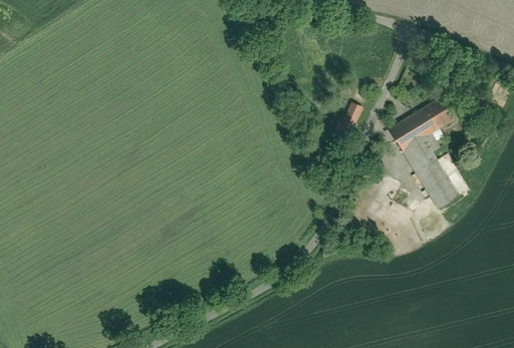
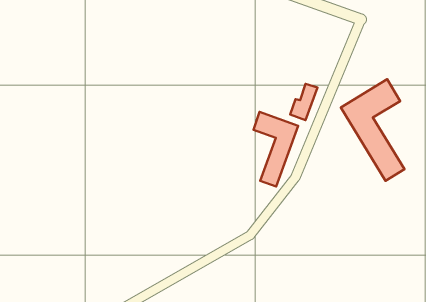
building: none -> [253,112,298,187]

